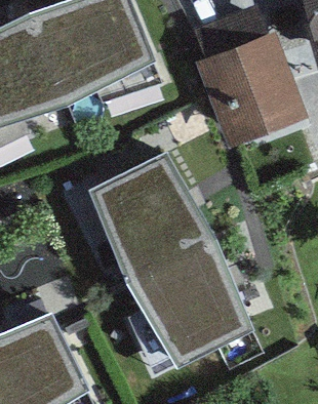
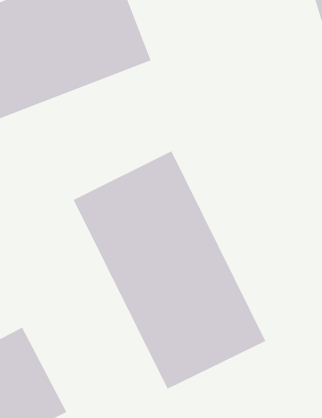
building: [206,35,301,144] -> none

